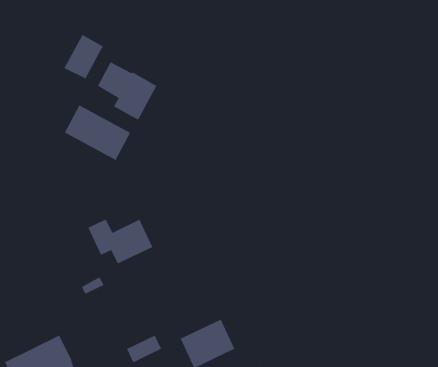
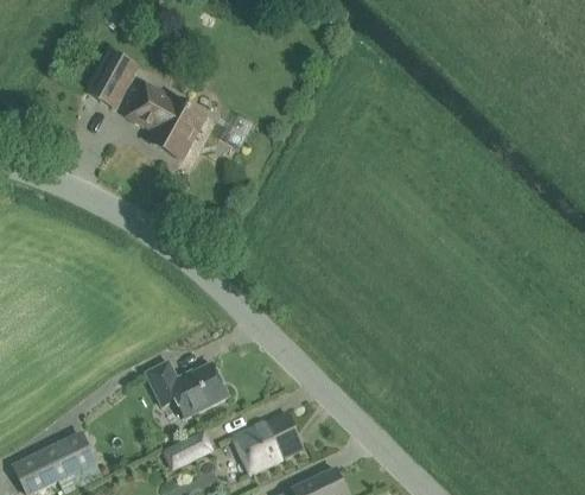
building: [64,104,131,161] -> none
building: [87,219,153,264] -> [146,360,229,417]

